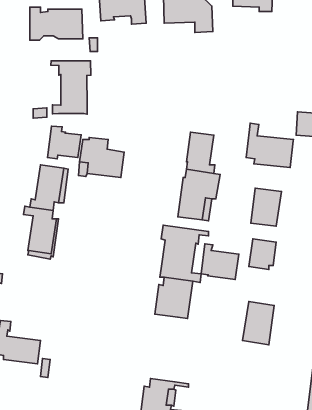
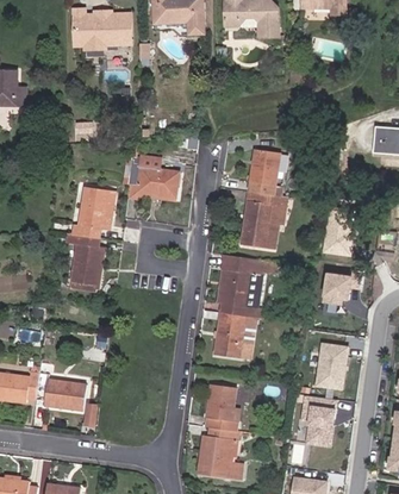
building: [51,61,91,114] -> none
building: [246,123,293,167] -> none
building: [48,126,81,159] -> none
building: [201,244,239,280] -> none
building: none -> [206,384,241,431]
building: none -> [299,394,338,446]

